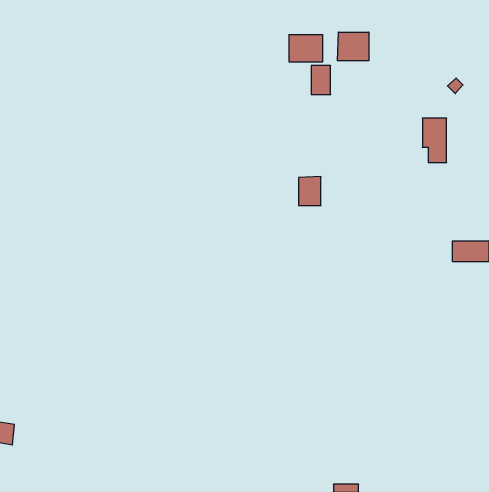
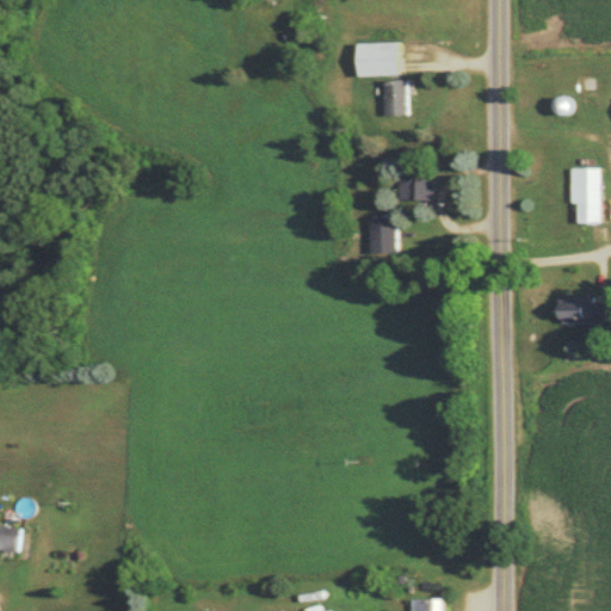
building: [337,32,369,61] -> none
building: [422,118,447,163] -> [569,168,599,223]
building: none -> [399,180,432,200]

